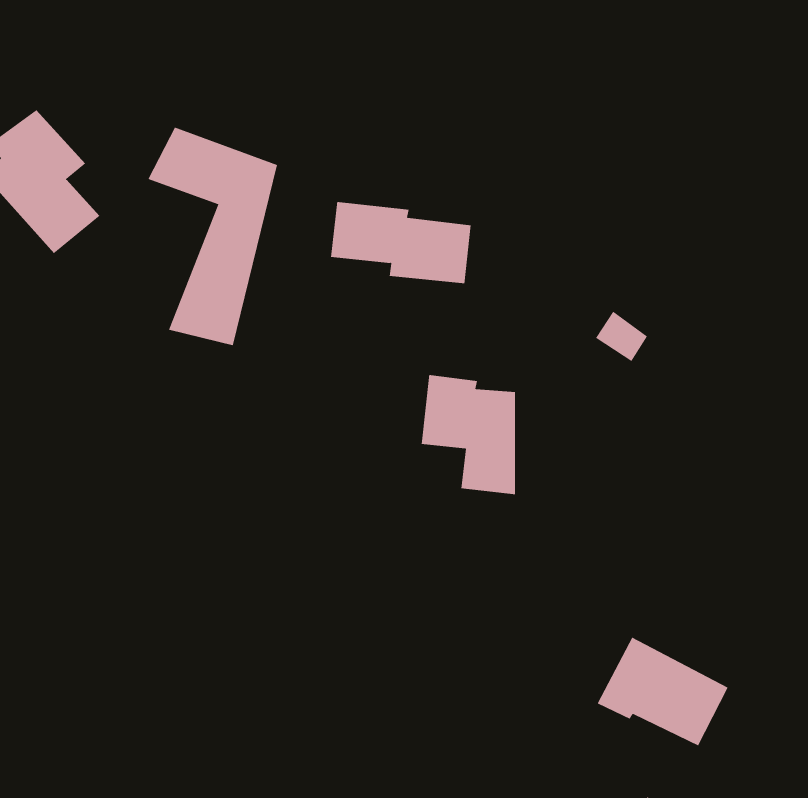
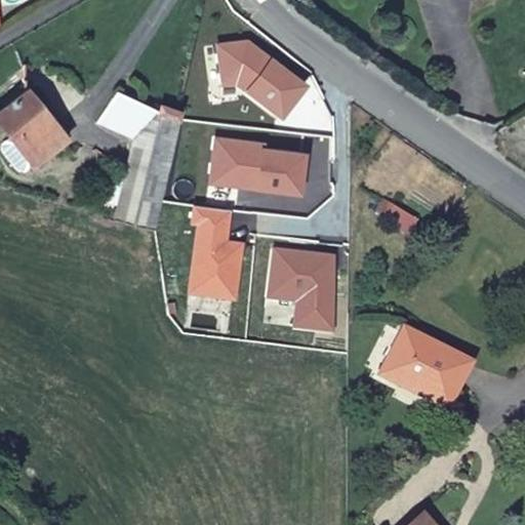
building: none -> [219,41,305,115]
building: none -> [193,205,242,296]
building: [597,637,729,746] -> [382,339,468,410]

